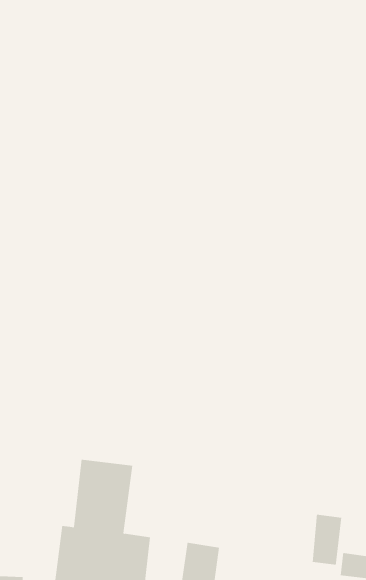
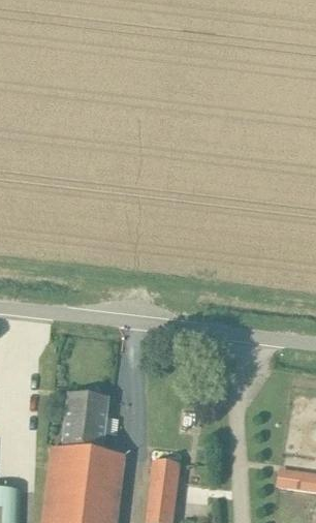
building: [312,514,342,566] -> none

